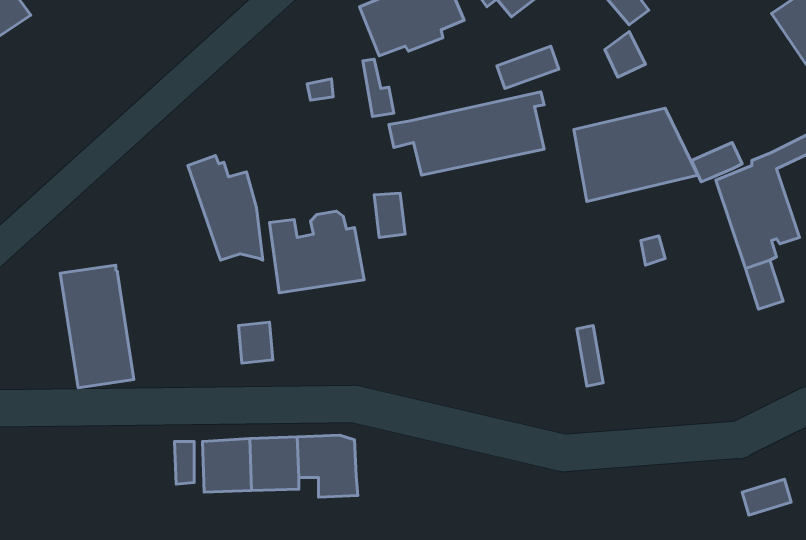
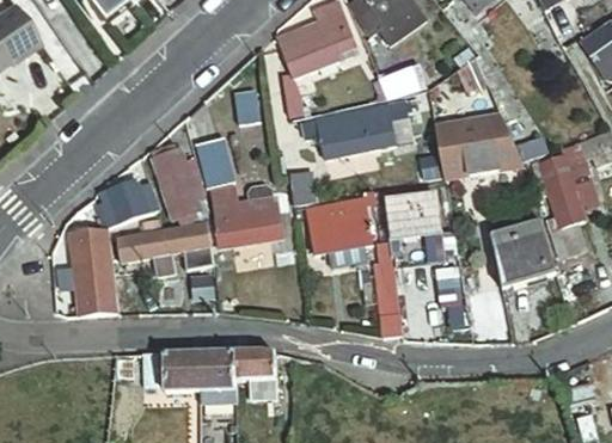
building: none -> [197,139,233,183]
building: none -> [94,178,159,228]
building: none -> [305,191,375,258]
building: none -> [375,193,446,324]
building: none -> [491,220,553,288]
building: none -> [118,223,210,273]

